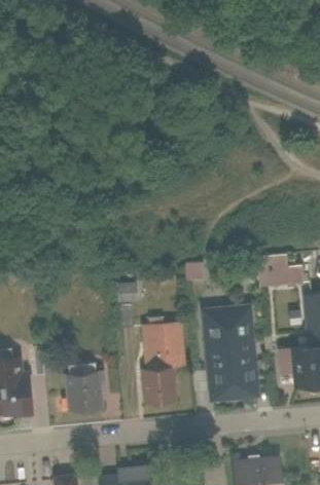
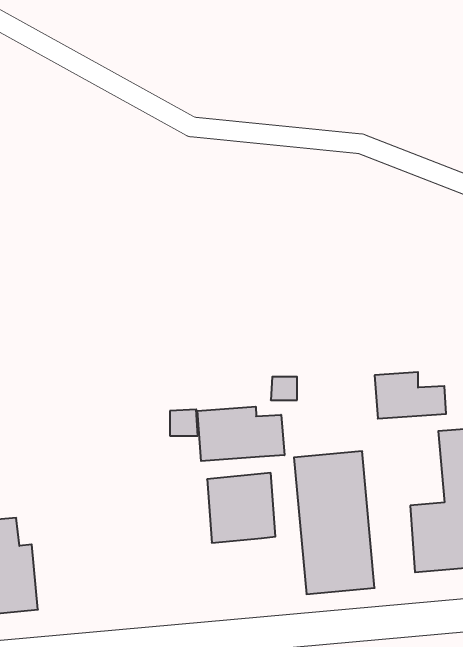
building: none -> [197,407,284,461]
building: [148,366,185,405] -> none
building: [63,368,108,410] -> none

